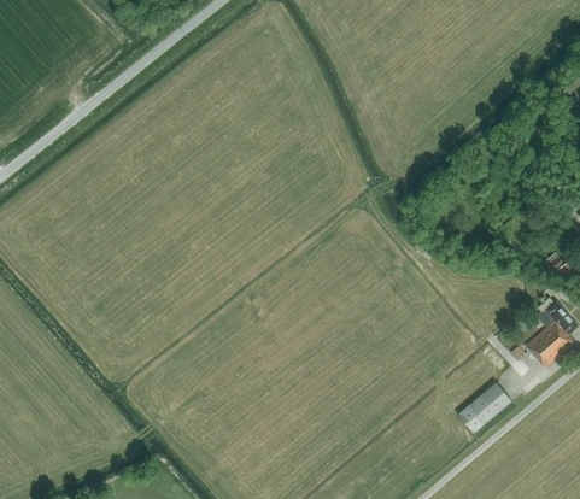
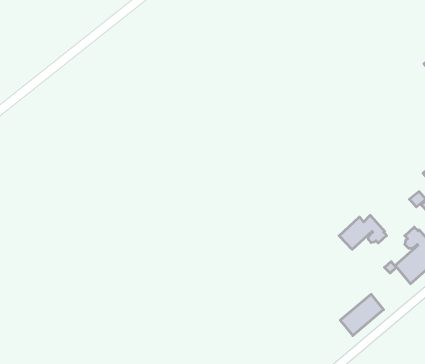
building: none -> [339,215,387,249]

